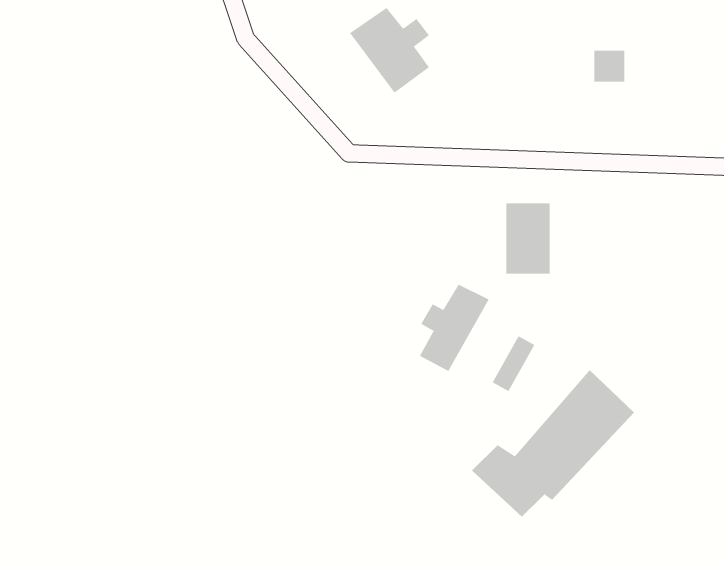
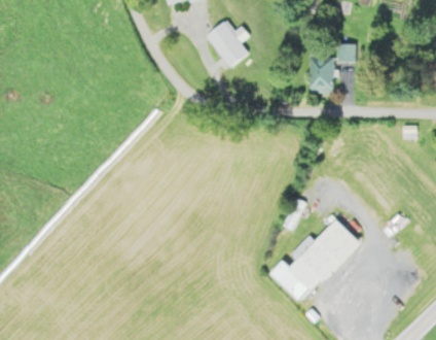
building: [505,203,550,274] -> [307,52,332,91]
building: [419,284,489,372] -> none

